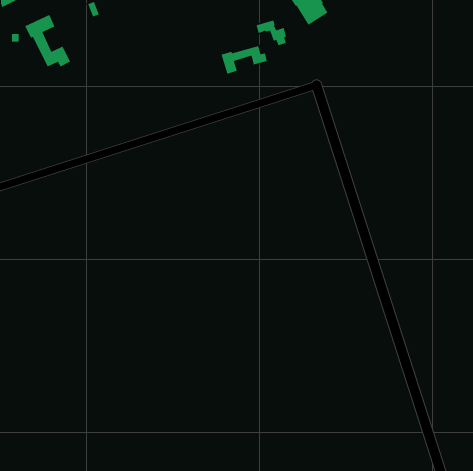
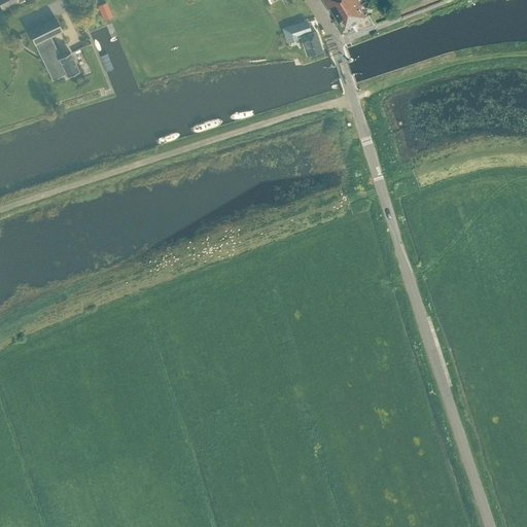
building: [220,45,268,75] -> none

